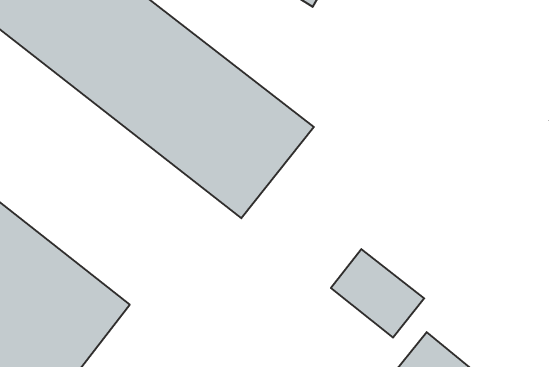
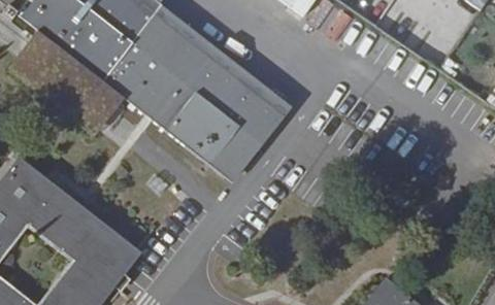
building: [331,249,424,338] -> none

